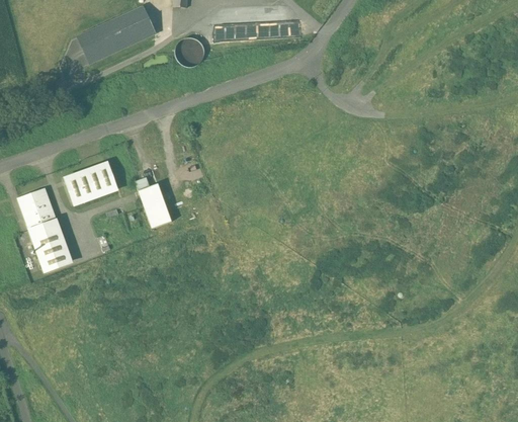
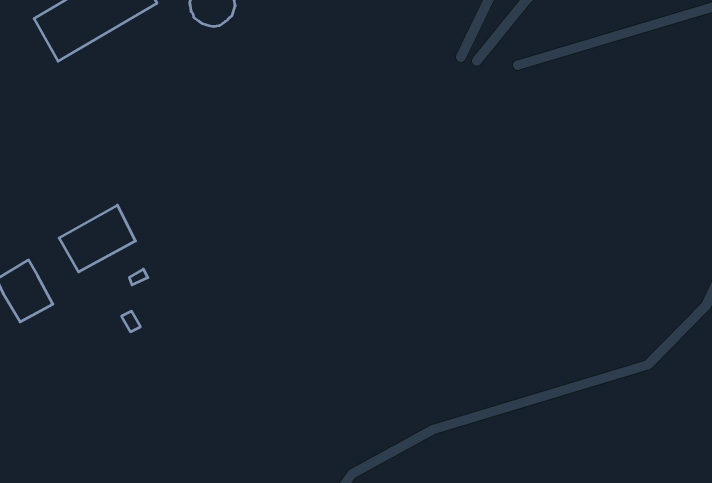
building: [135,176,172,228] -> none
building: [30,221,70,270] -> none

